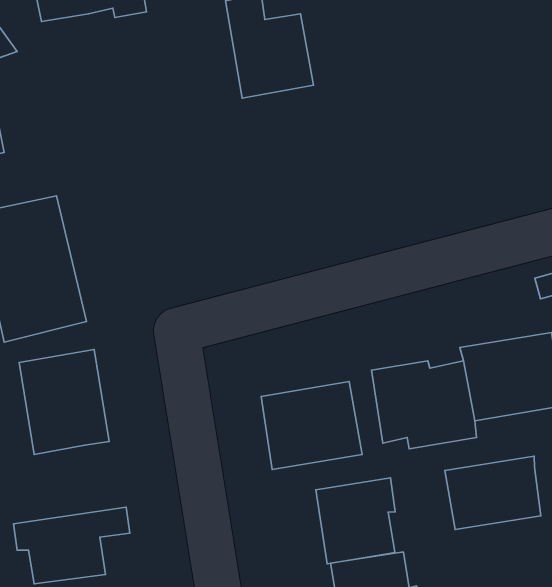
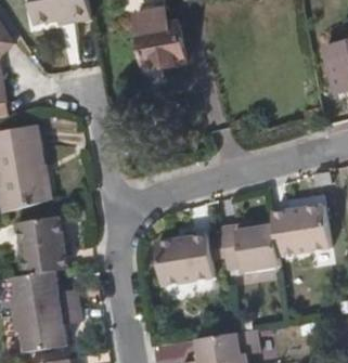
building: none -> [10,270,77,315]
building: [445,456,541,529] -> none
building: [316,478,395,564] -> none

